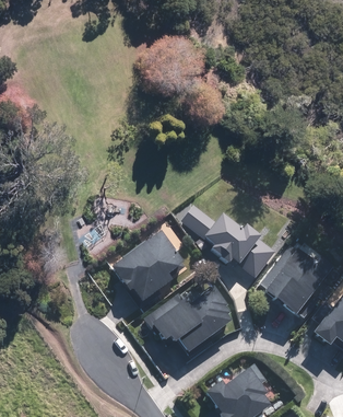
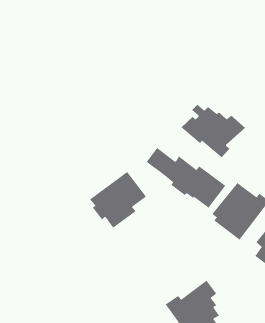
building: none -> [181,104,246,158]
building: [145,287,232,352] -> none

